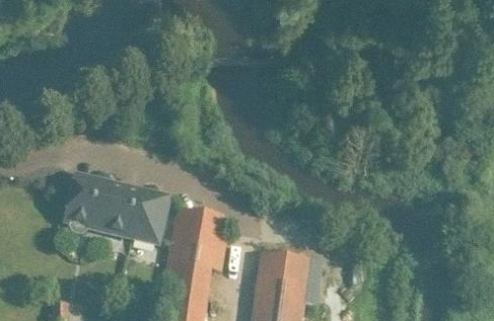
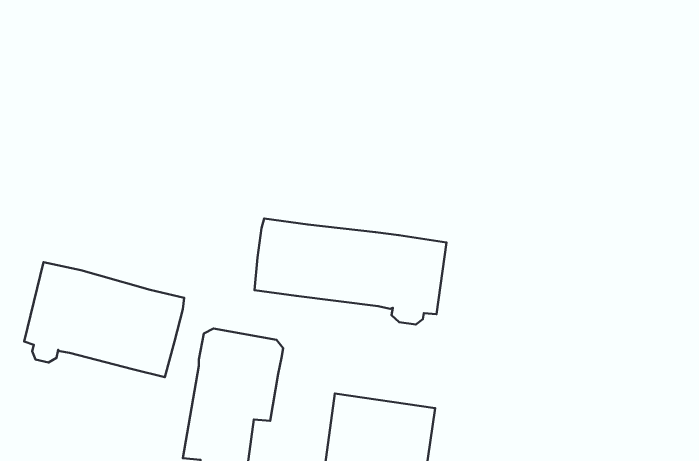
building: none -> [254,218,446,324]

